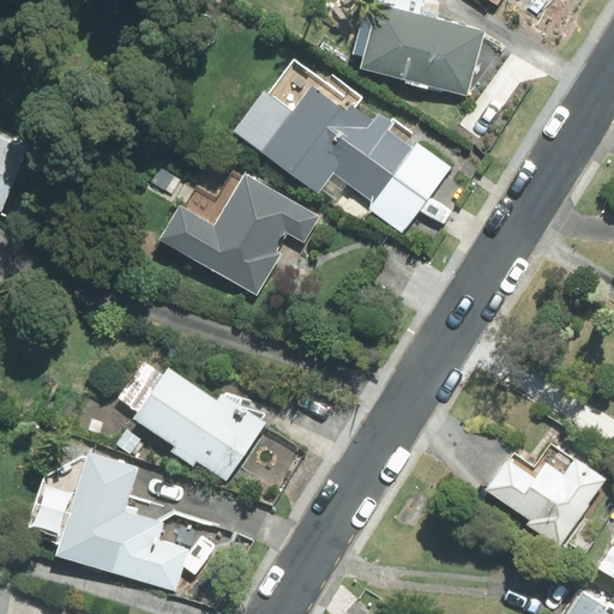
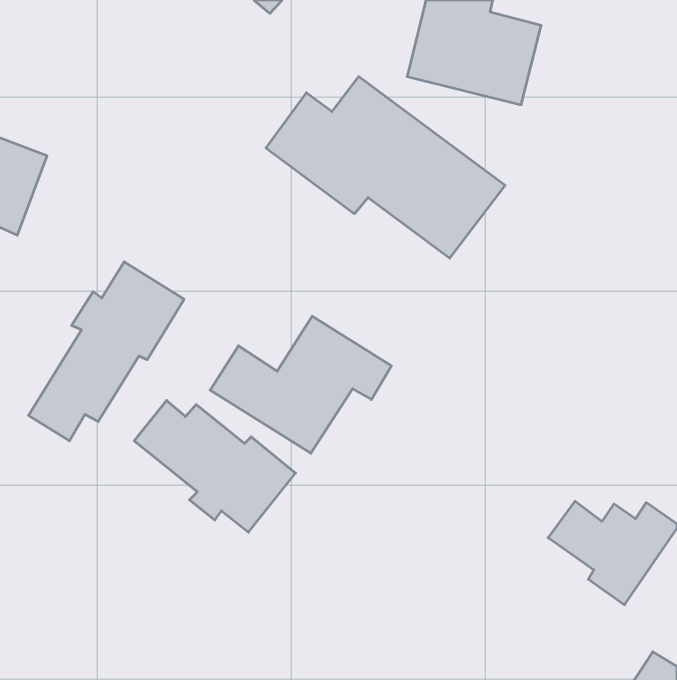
building: [156,171,318,294] -> [210,316,391,453]
building: none -> [28,262,184,441]
building: [24,449,193,598] -> none

